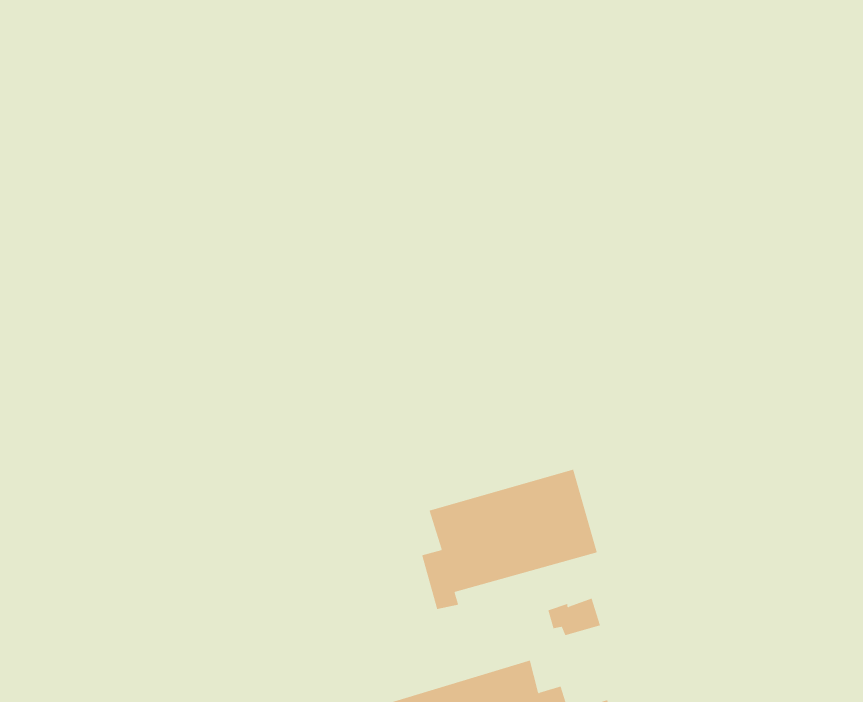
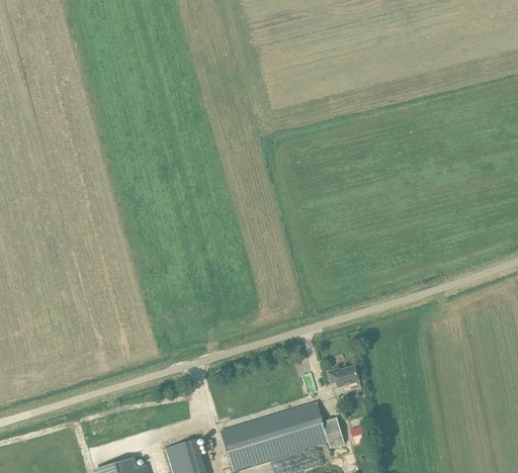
building: [421,469,598,610] -> none

